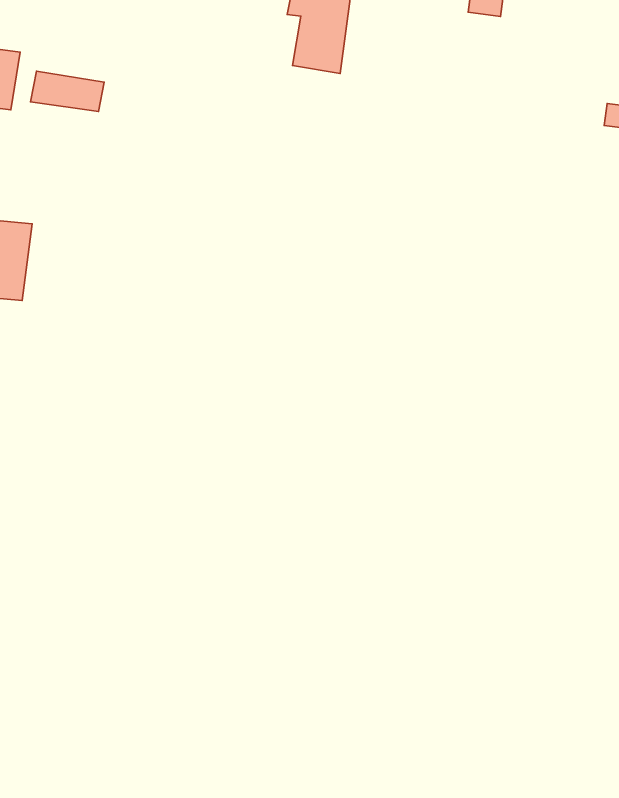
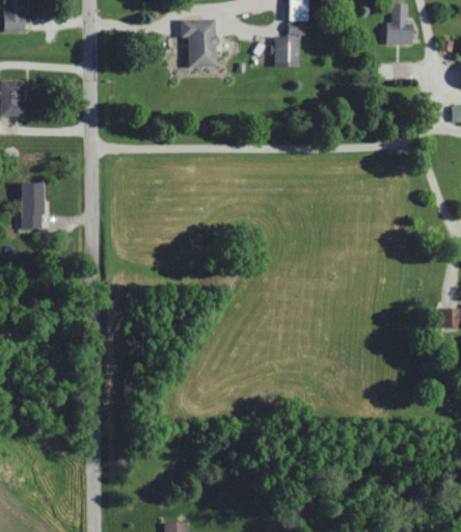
building: none -> [275,36,300,66]
building: [31,71,104,112] -> none

